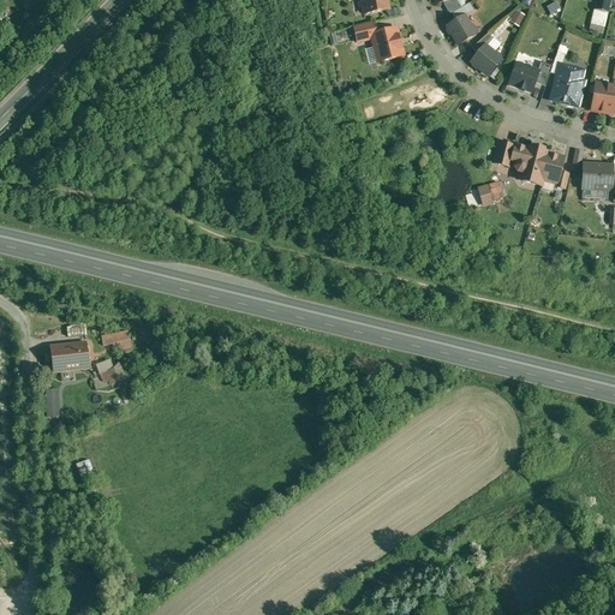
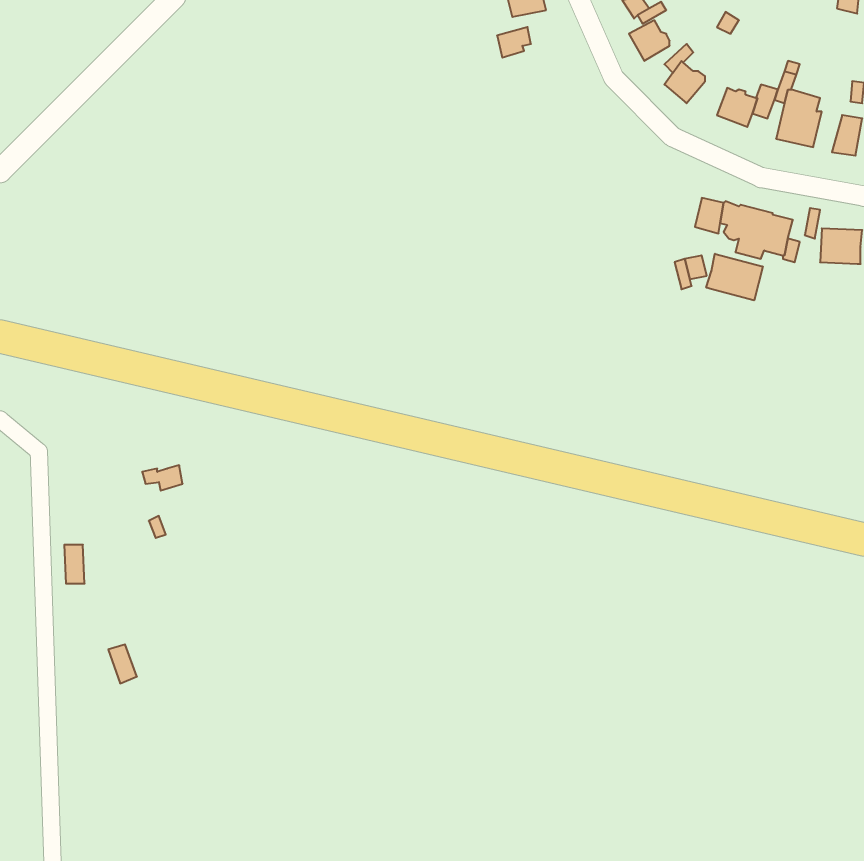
building: [371,26,402,59] -> none
building: none -> [706,254,763,300]
building: [44,341,89,371] -> none

